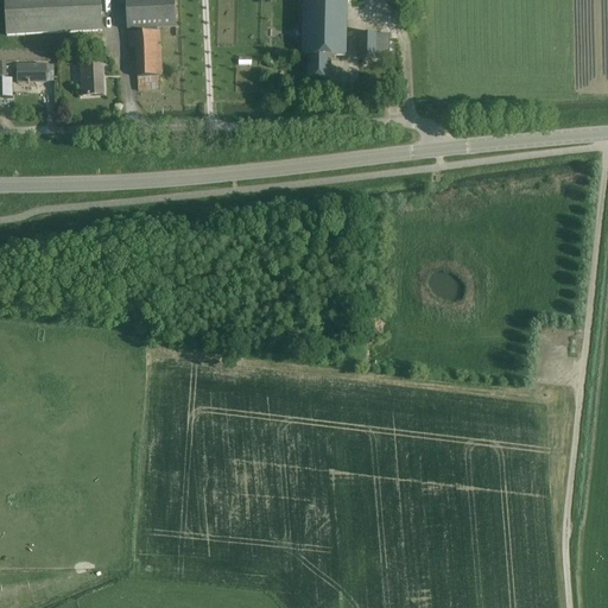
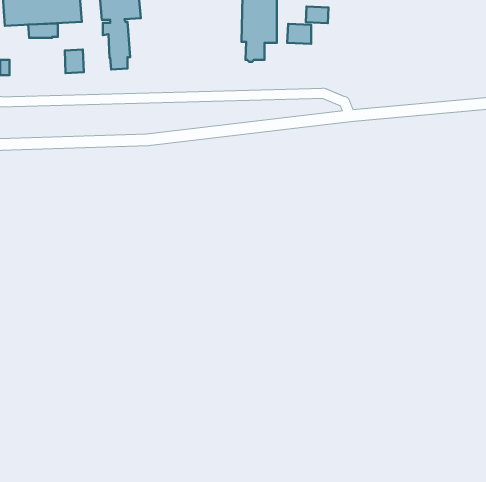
building: none -> [306,7,329,23]
building: [17,61,53,78] -> [28,24,58,38]

